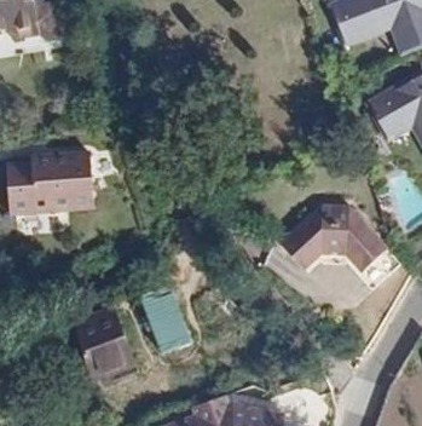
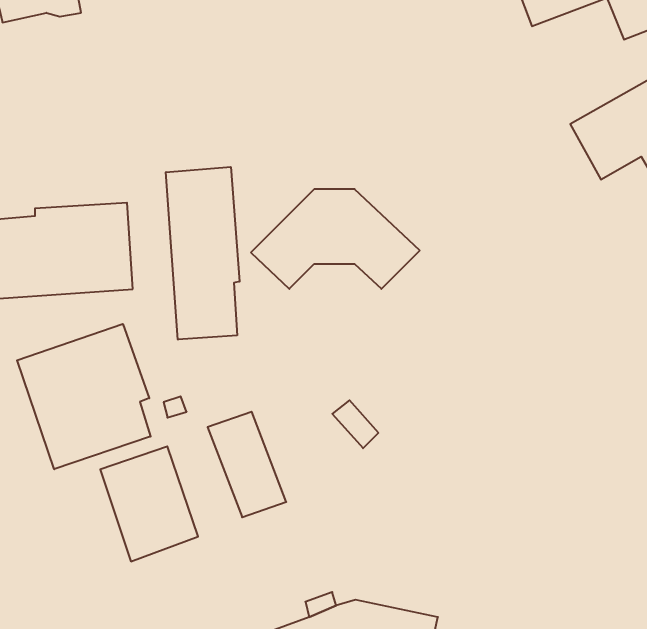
building: none -> [166,167,240,340]
building: [288,205,394,267] -> [251,189,420,289]
building: none -> [17,324,151,469]

